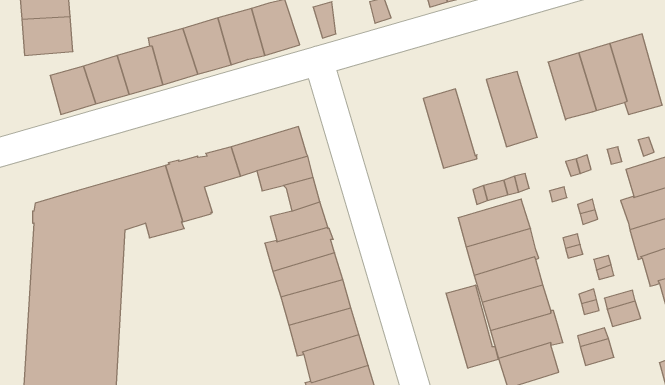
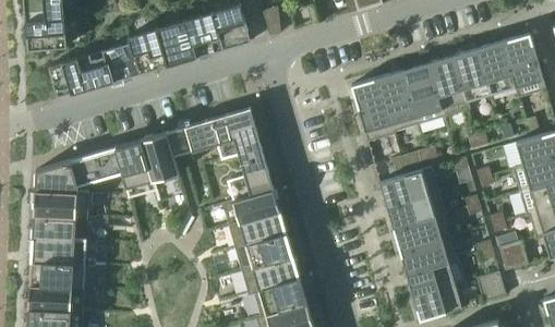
building: none -> [427,56,470,117]
building: none -> [377,70,419,132]
building: [446,285,498,368] -> none

